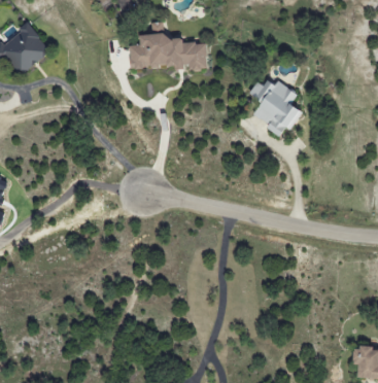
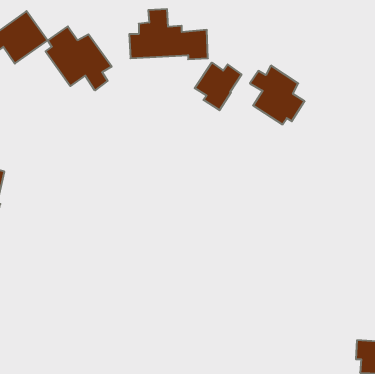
building: none -> [46,26,112,90]
building: none -> [195,63,241,110]

